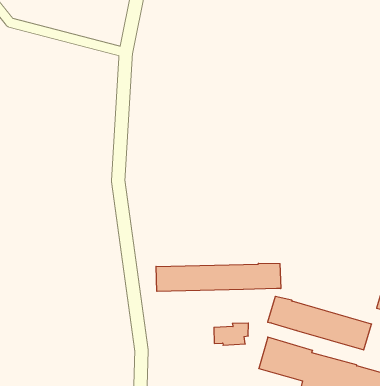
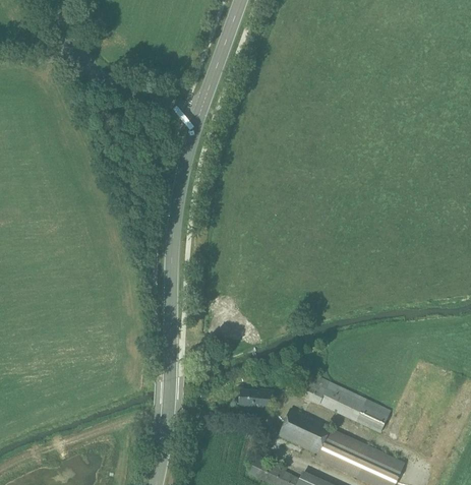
building: [156,263,281,291] -> none

